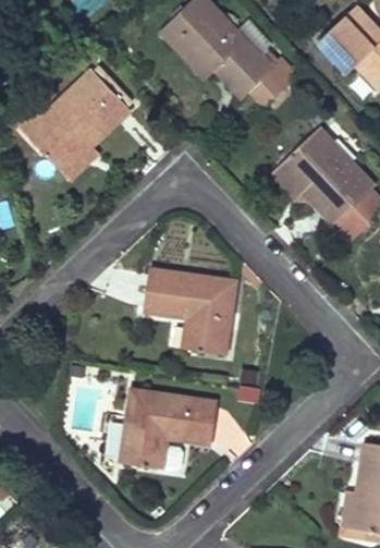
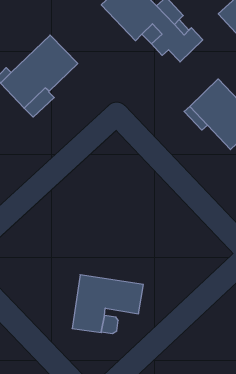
building: [143,270,234,355] -> none

